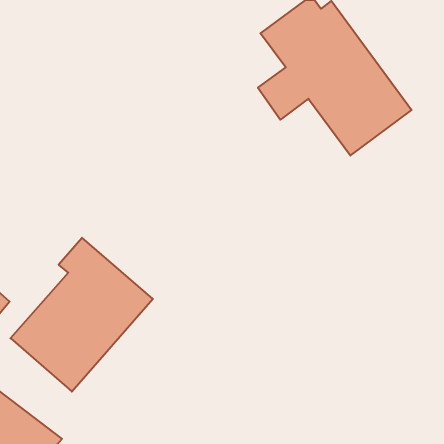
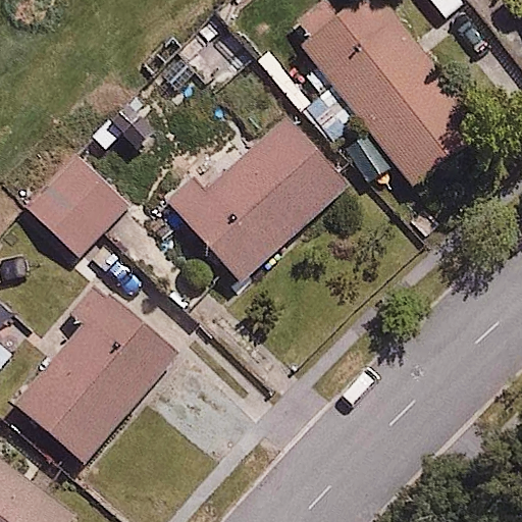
building: none -> [170,115,342,284]
building: none -> [29,160,125,256]

